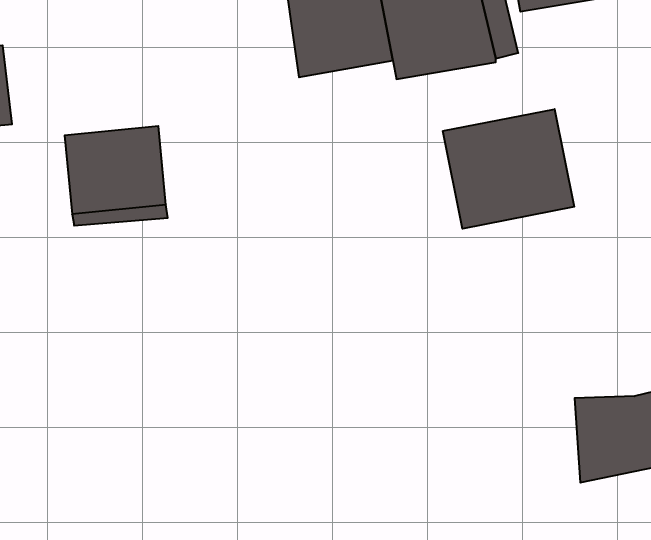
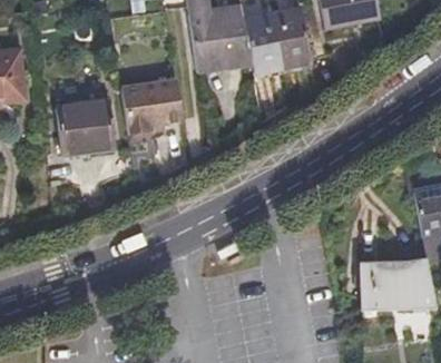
building: none -> [124,81,185,137]
building: [443,109,574,229] -> none

